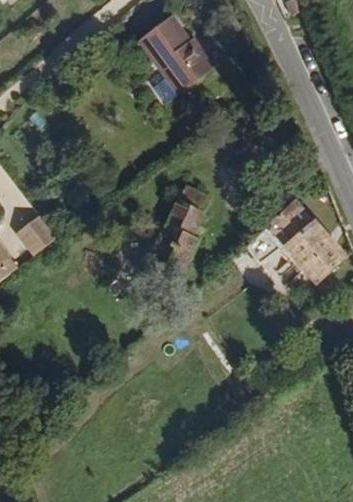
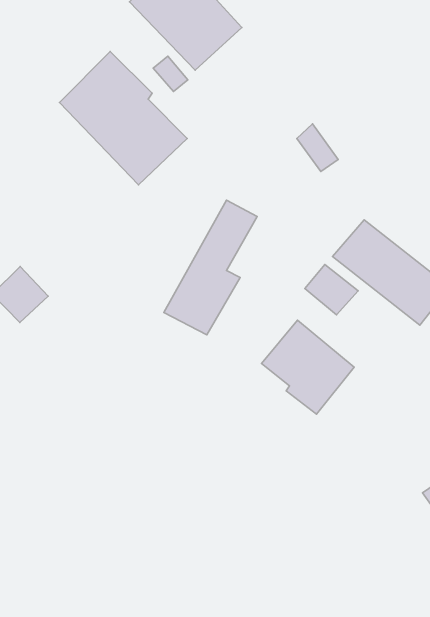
building: none -> [59,51,187,185]
building: none -> [261,320,354,414]

